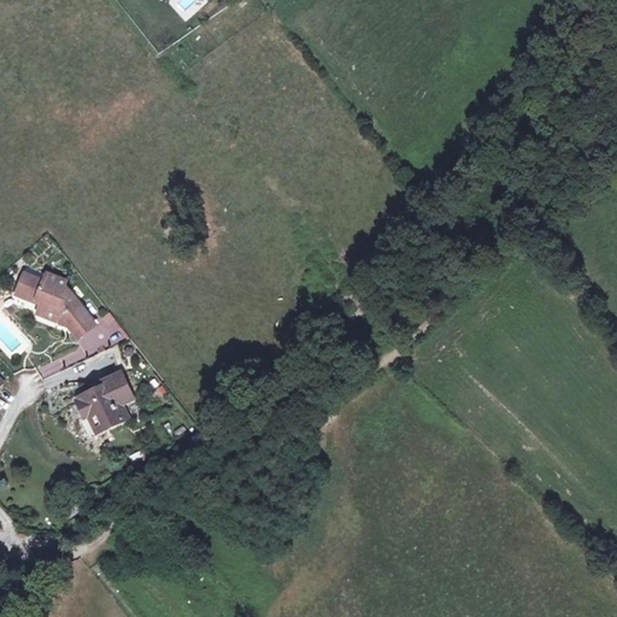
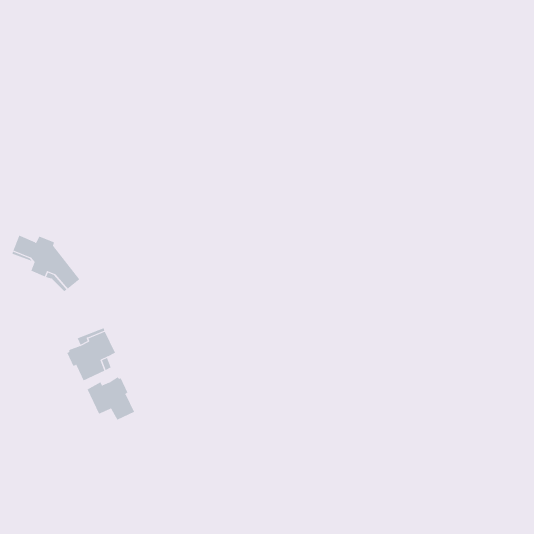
building: none -> [87,376,135,421]

